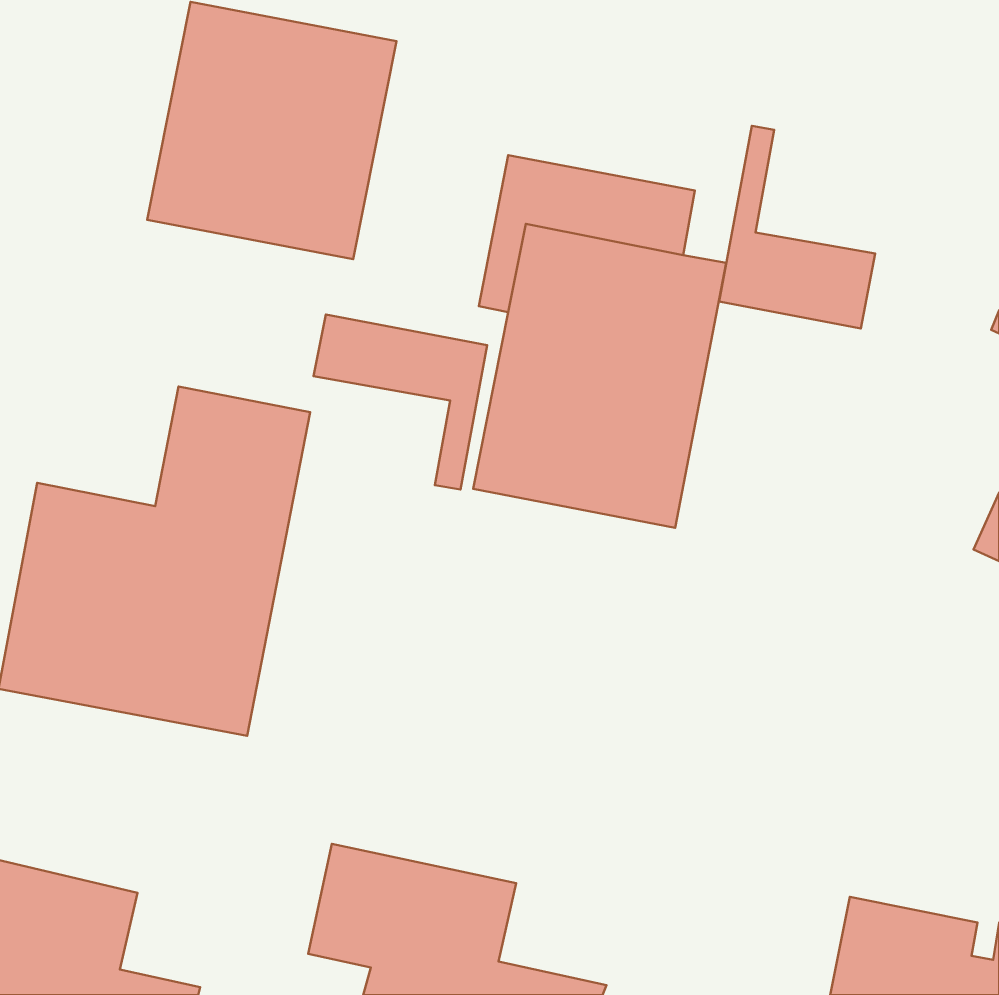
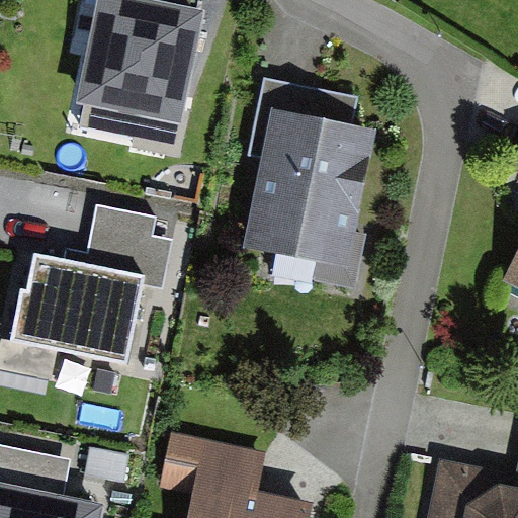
building: [719,126,875,328] -> none
building: [314,315,487,490] -> none

